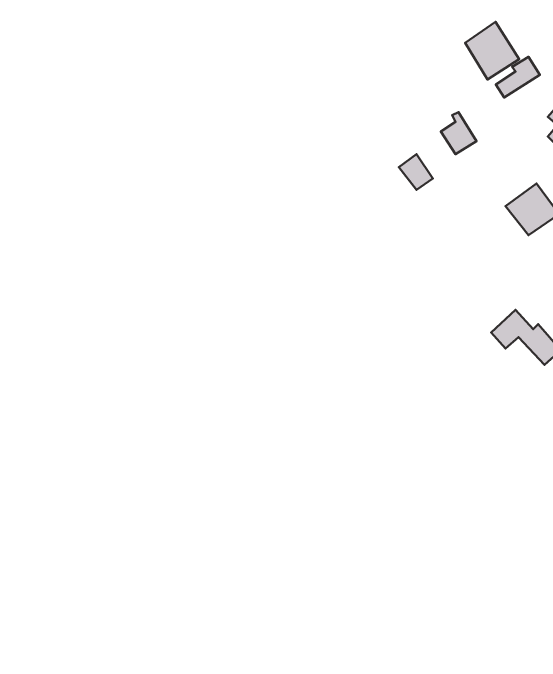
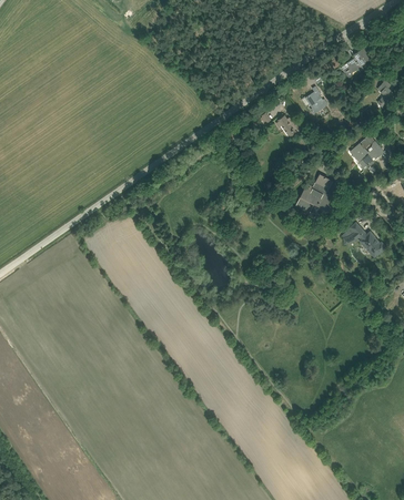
building: [465,22,519,79] -> none
building: none -> [293,174,335,216]

